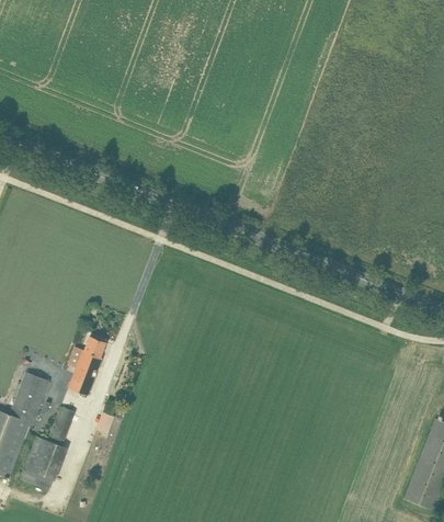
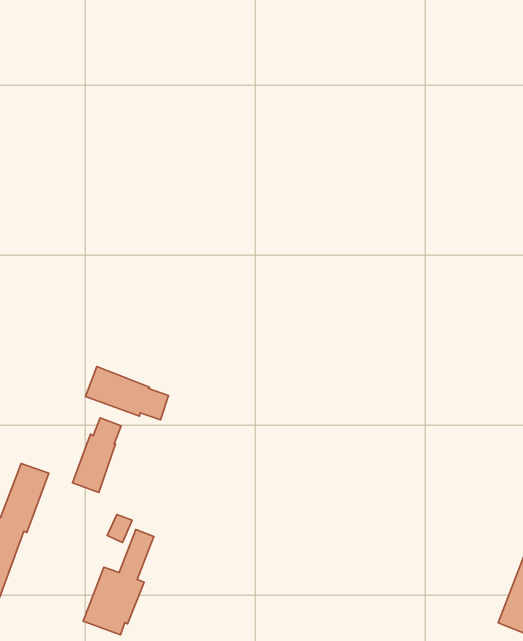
building: none -> [86,366,169,420]
building: [19,406,75,489] -> [83,530,154,635]

